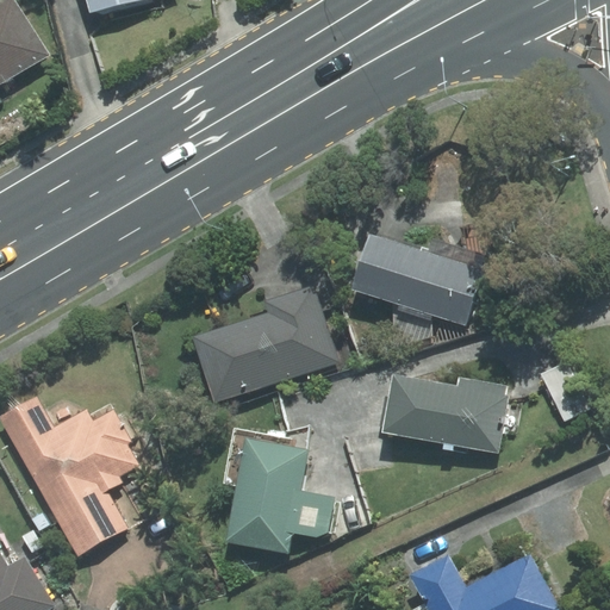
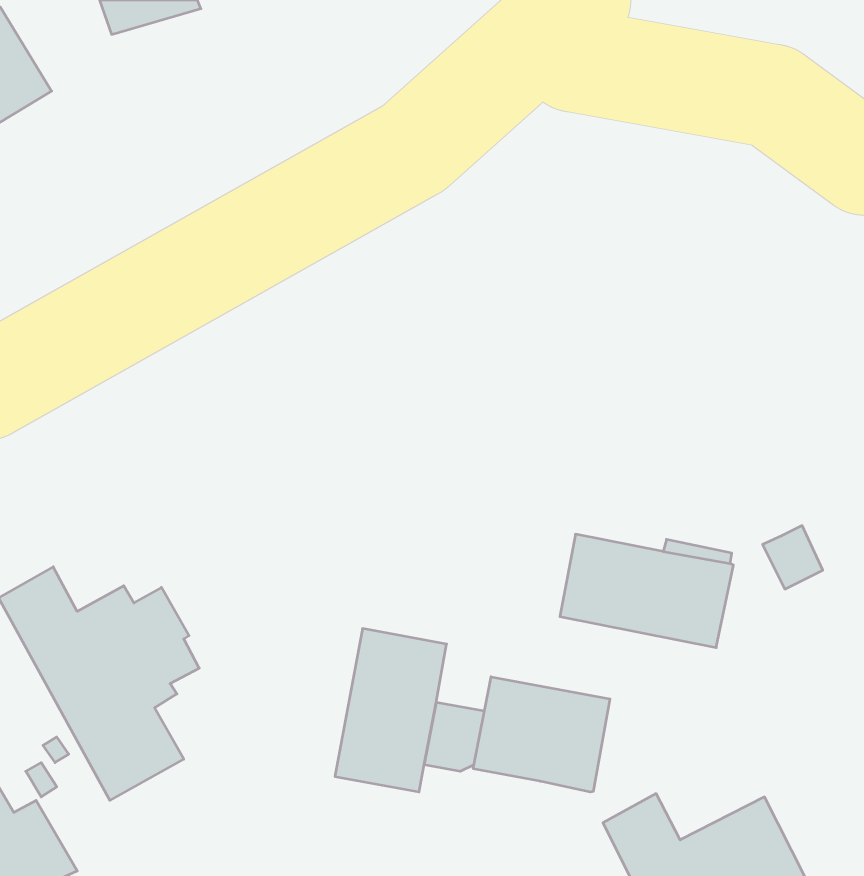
building: [337,239,469,330] -> none
building: [199,288,328,399] -> none
building: none -> [473,677,610,792]

